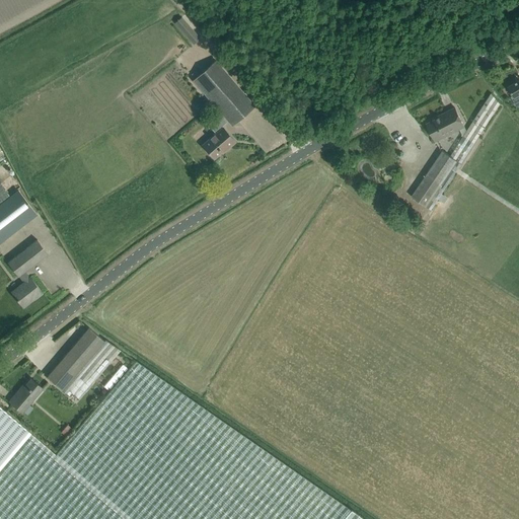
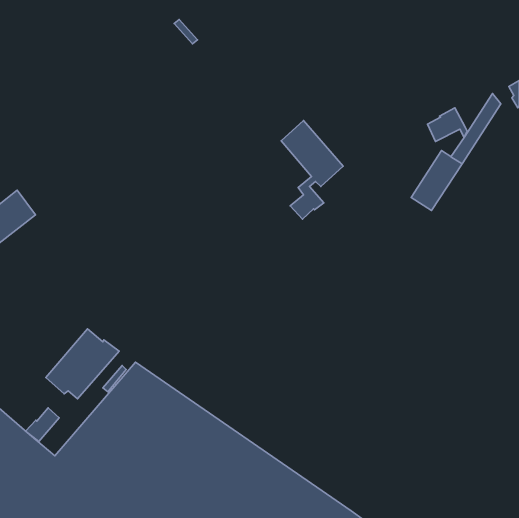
building: [192,62,253,160] -> [281,120,343,219]
building: [6,241,47,309] -> none
building: [8,380,42,414] -> [26,408,59,441]

